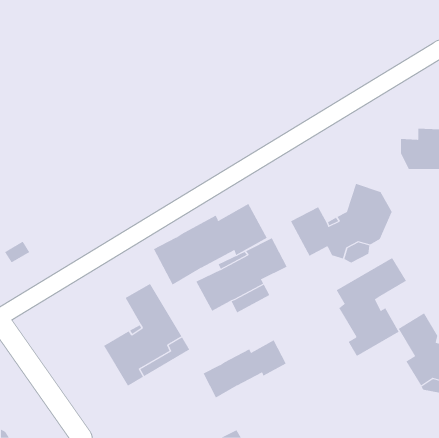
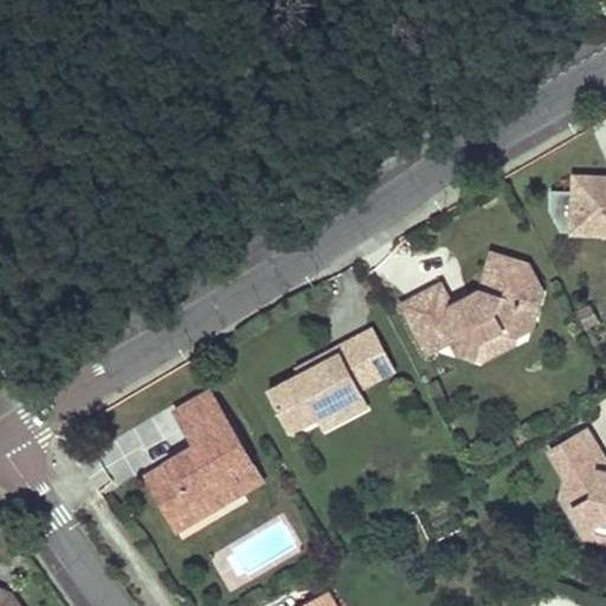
building: [153,203,267,285] -> none
building: [336,257,407,357] -> none
building: [203,340,287,399] -> none

